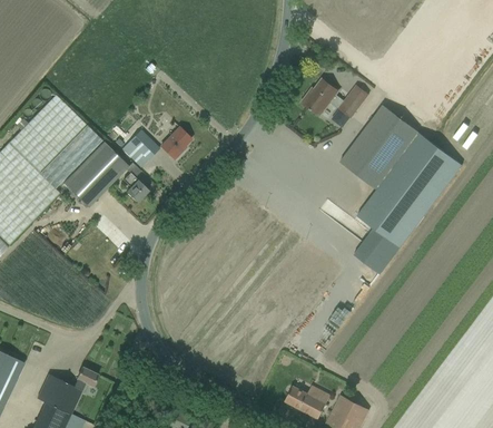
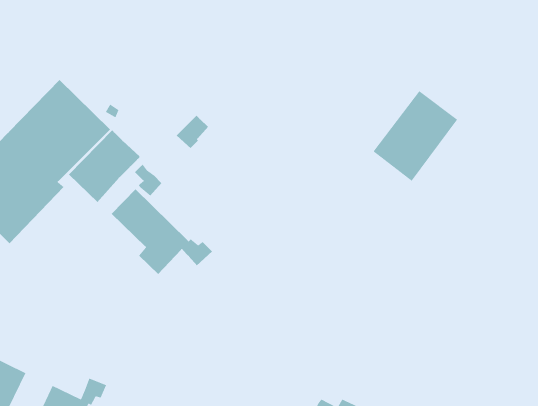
building: [302,79,368,117] -> none
building: [121,129,159,167] -> none
building: [356,133,462,272] -> none
building: none -> [111,189,213,275]

